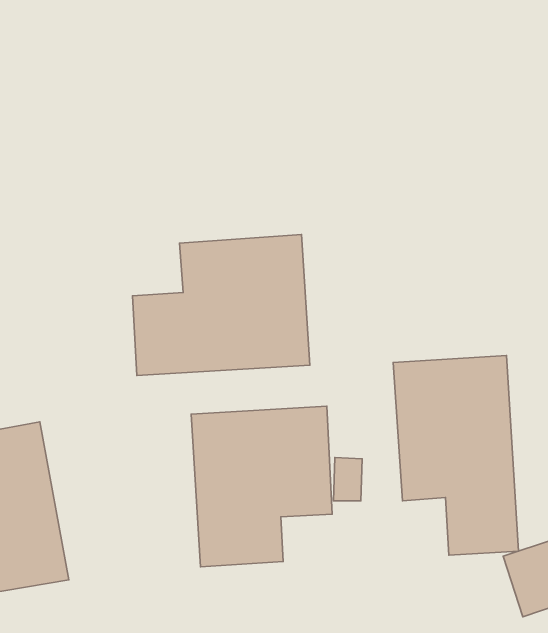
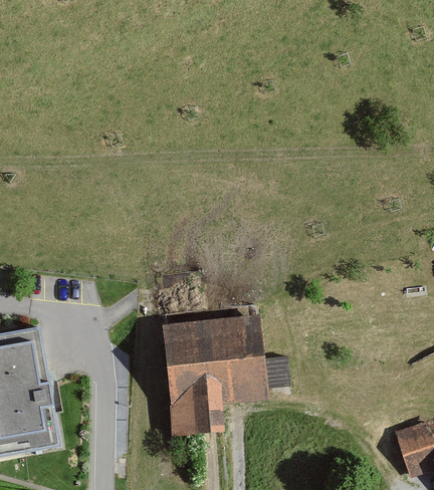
building: [132,235,310,376] -> none
building: [393,355,518,555] -> none

